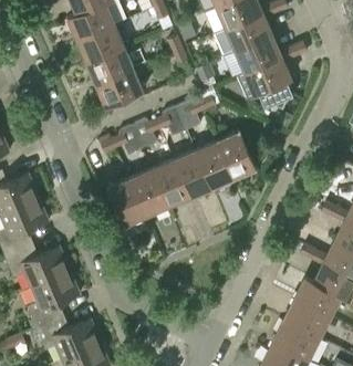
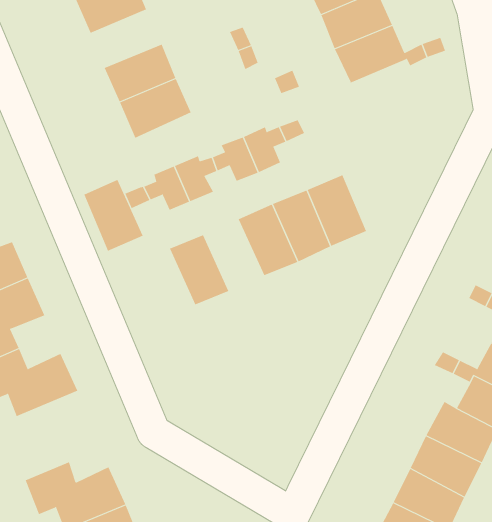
building: [77,25,124,63] -> none
building: [236,57,293,109] -> none
building: [150,160,189,207] -> none
building: [106,179,145,226] -> [83,179,144,251]
building: [27,271,80,328] -> none

